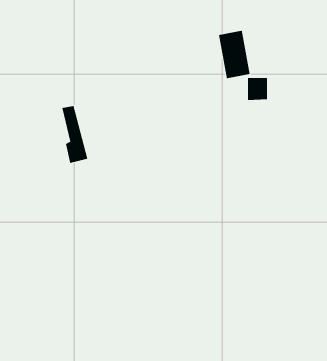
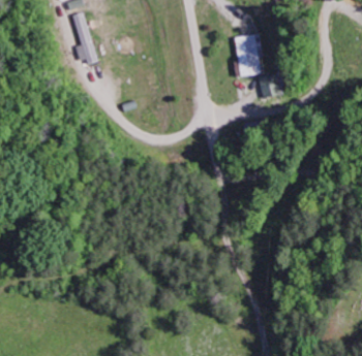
building: [62,106,88,163] -> [73,12,97,64]

